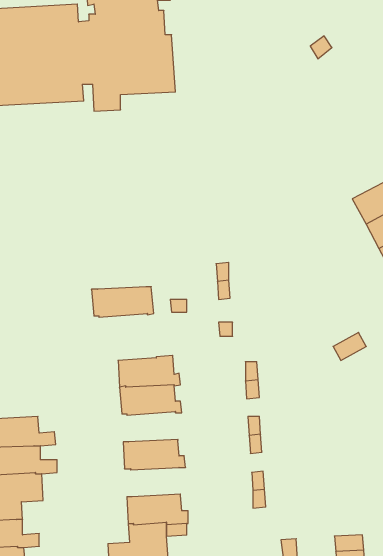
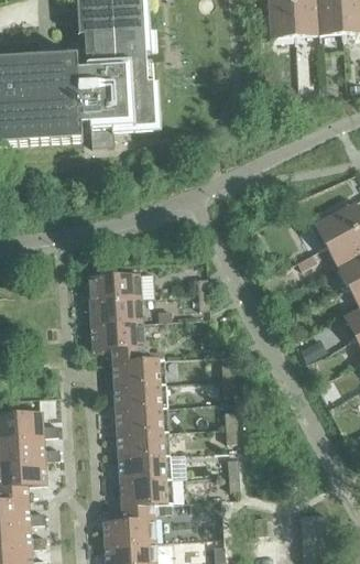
building: none -> [87,274,140,302]
building: none -> [90,323,144,364]
building: none -> [114,408,167,434]
building: none -> [117,456,171,481]

